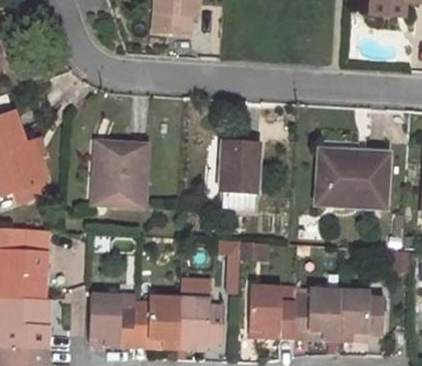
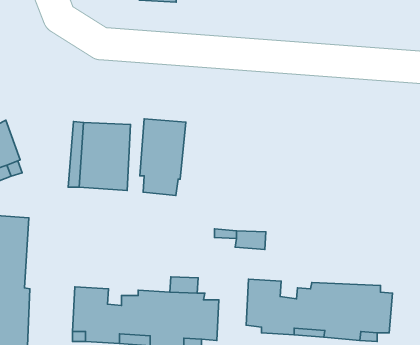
building: [217,139,259,209] -> [140,119,186,195]
building: [316,152,384,205] -> none

